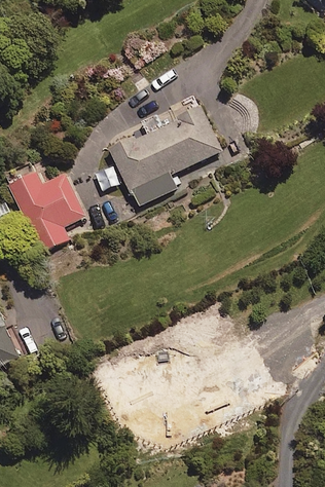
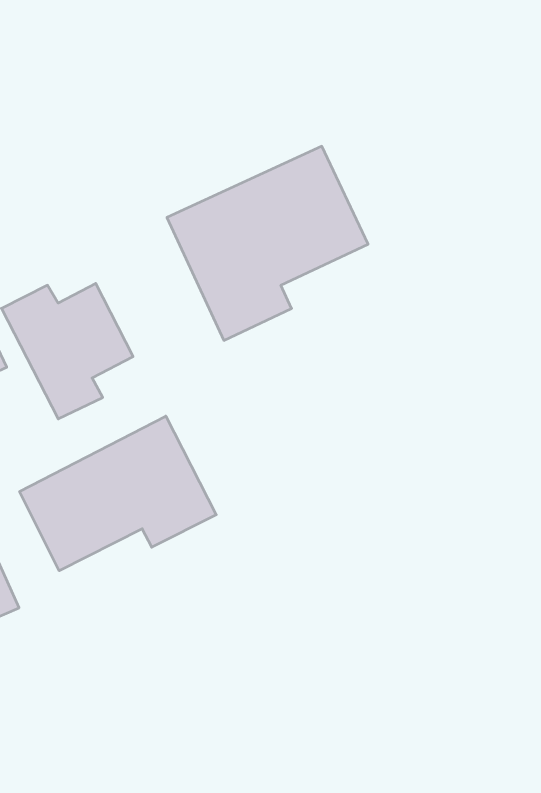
building: none -> [20,416,216,571]

